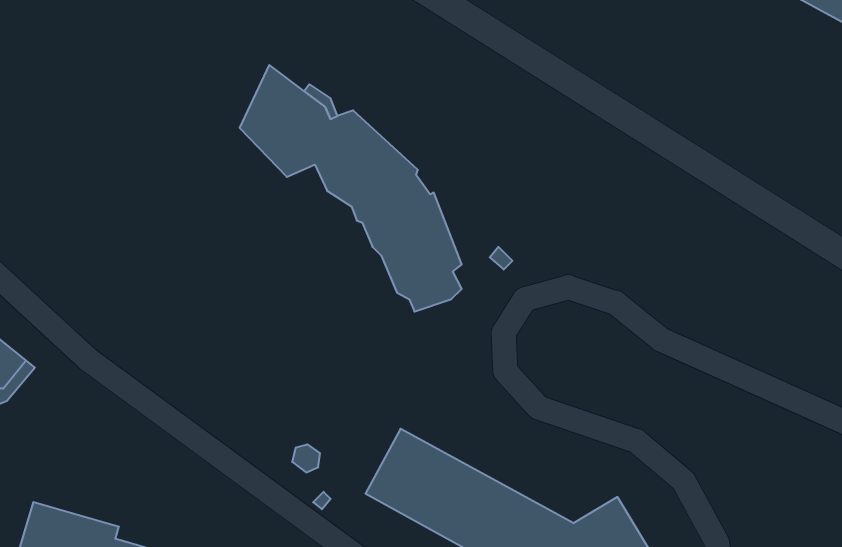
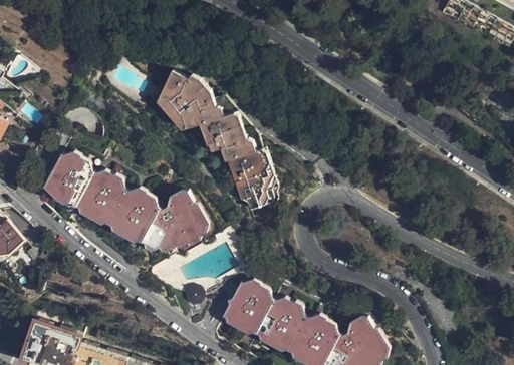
building: none -> [40,150,206,252]

